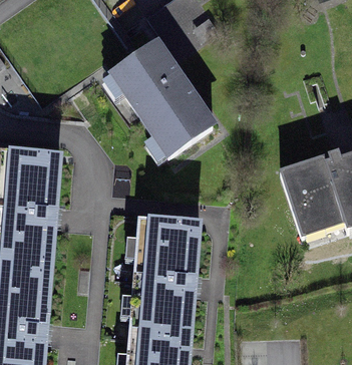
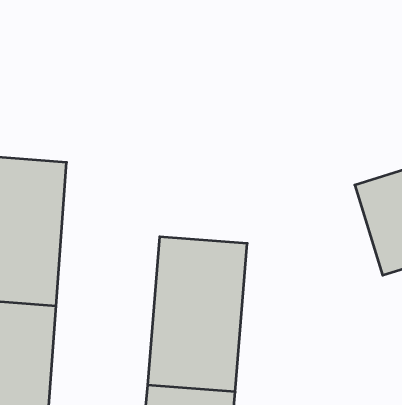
building: [112,41,214,153] -> none

